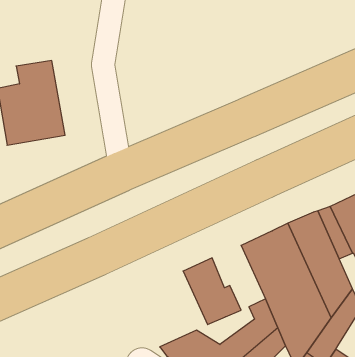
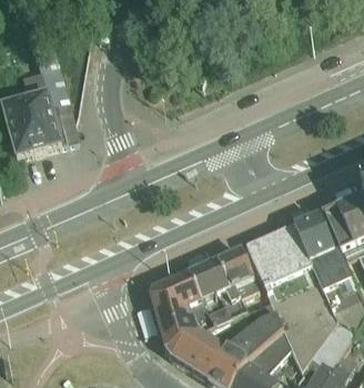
building: none -> [218,249,259,297]
building: none -> [150,273,213,348]

